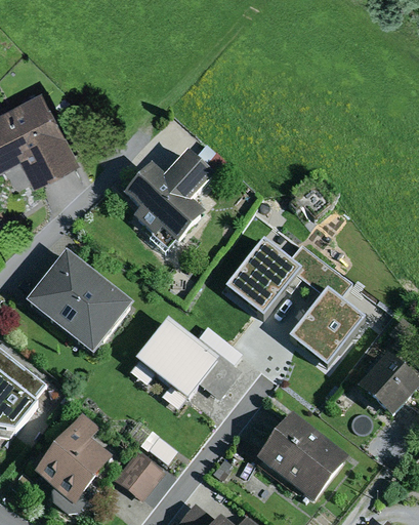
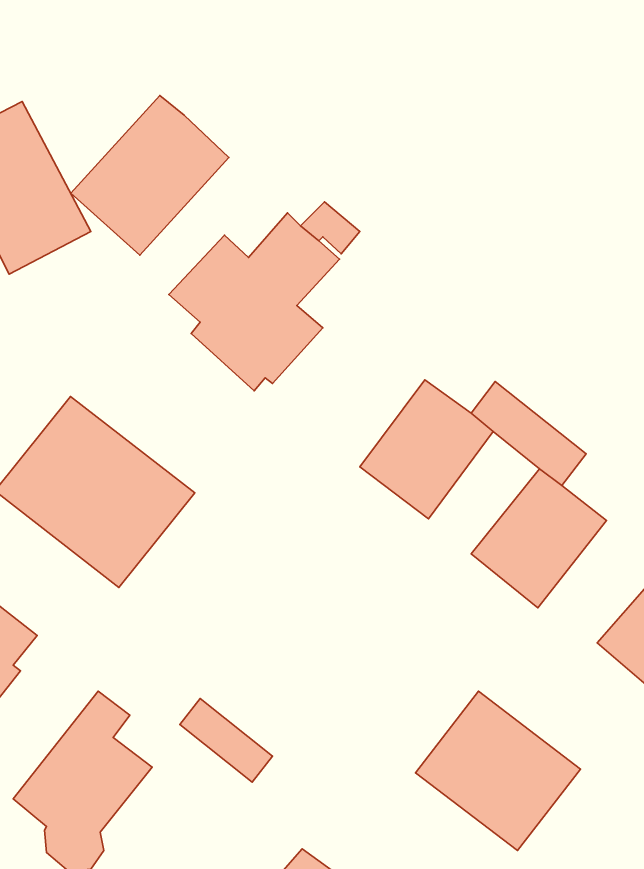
building: none -> [71,96,229,255]
building: [133,317,241,401] -> none
building: [113,447,164,498] -> none

